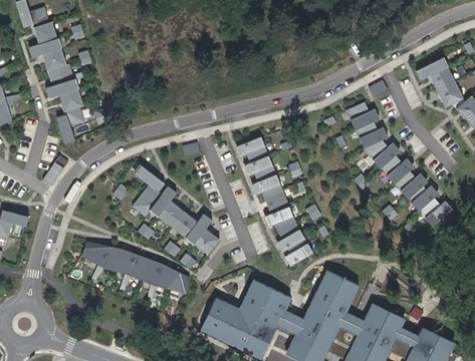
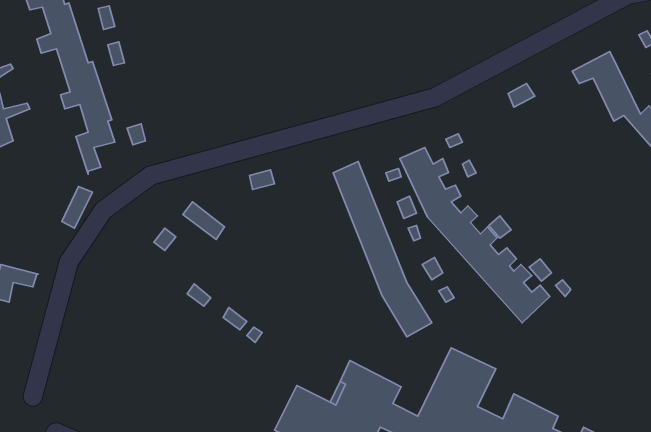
building: [345,101,454,228] -> [400,148,550,323]
building: [132,186,219,254] -> none
building: [81,241,189,302] -> none

